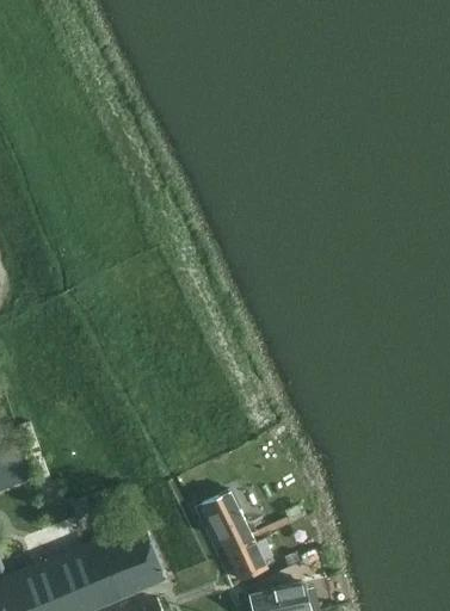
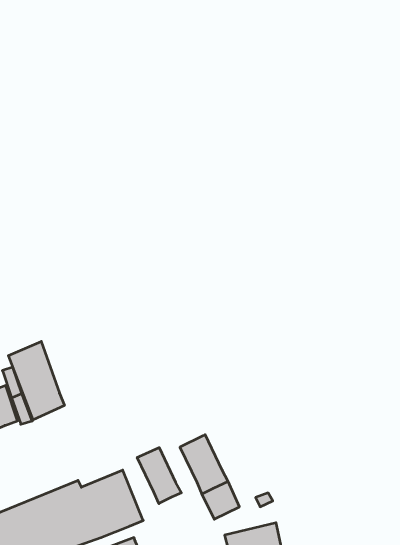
building: none -> [8,341,64,420]
building: none -> [137,448,181,504]

